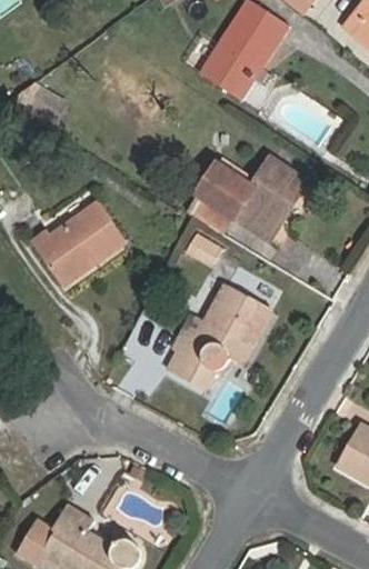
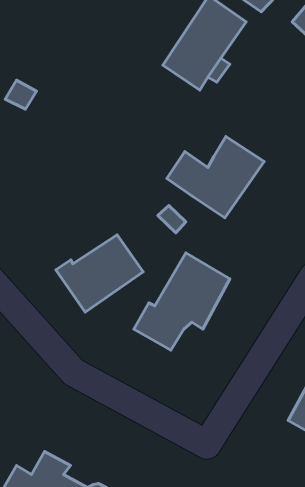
building: [186,154,253,229] -> none
building: [28,202,124,288] -> [56,235,143,312]

